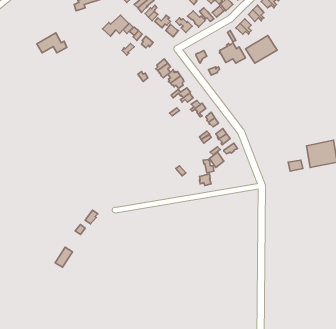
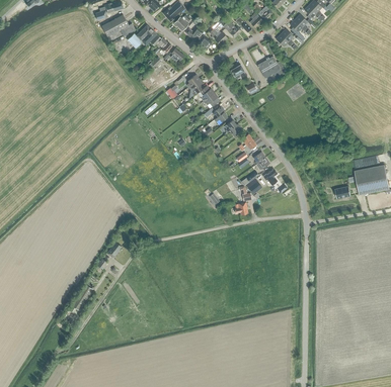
building: [37,33,67,53] -> [101,13,135,35]
building: [245,36,277,63] -> none

